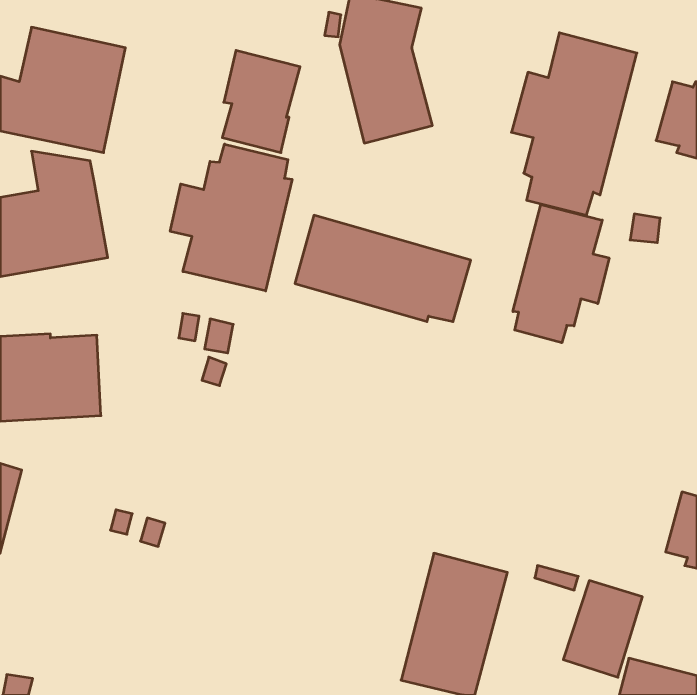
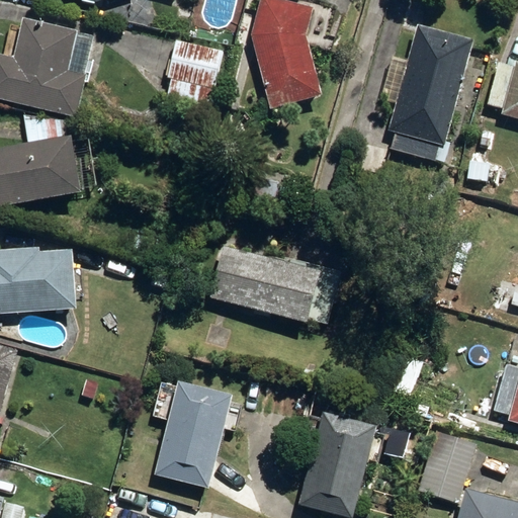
building: [170,144,292,291] -> none
building: [513,204,609,343] -> none
building: [295,215,471,322] -> [209,244,340,323]
building: none -> [143,381,231,488]

